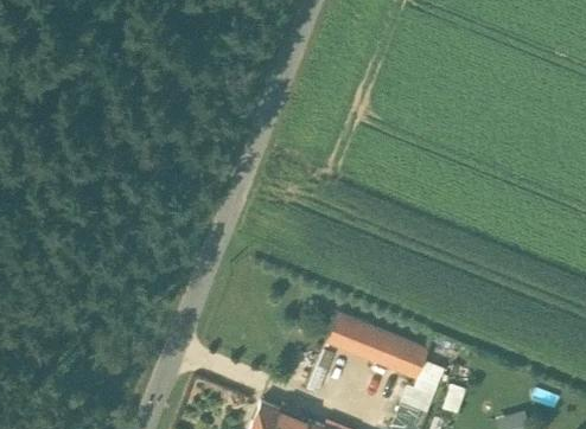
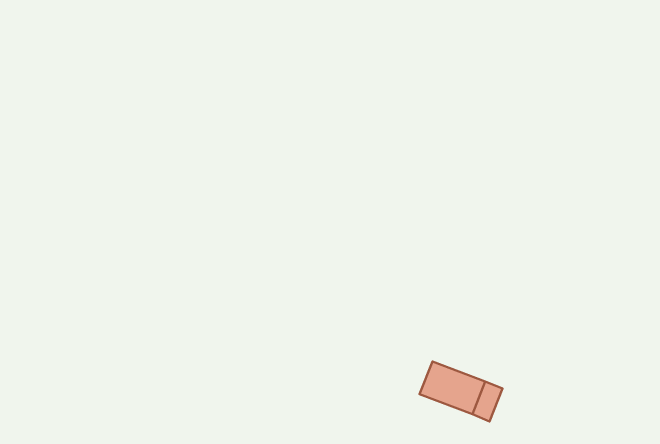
building: [329,315,369,354] -> none

